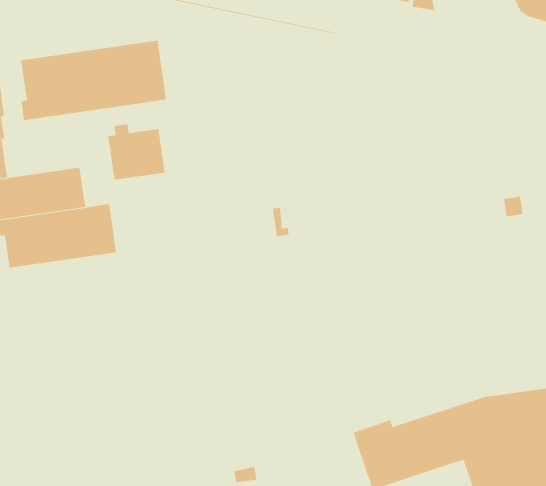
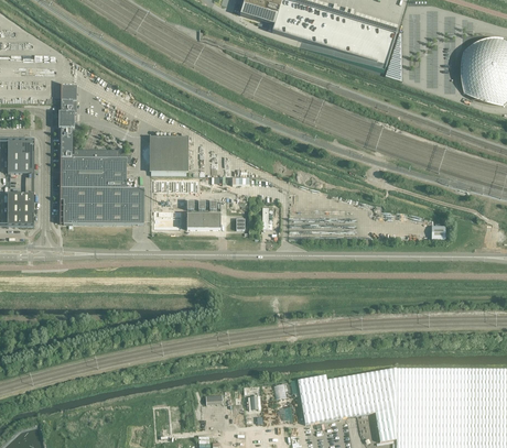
building: [21,40,167,121] -> none
building: none -> [186,212,219,228]

